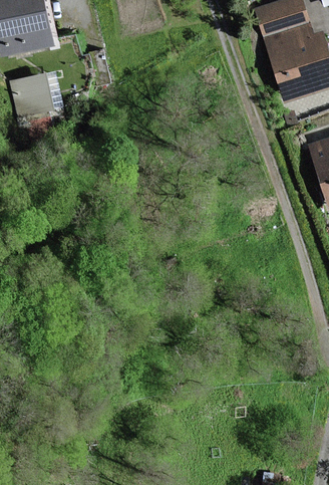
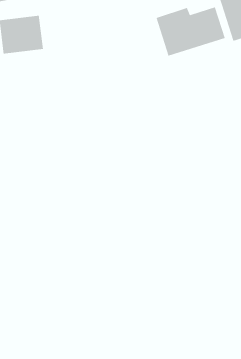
building: none -> [156,6,225,57]

